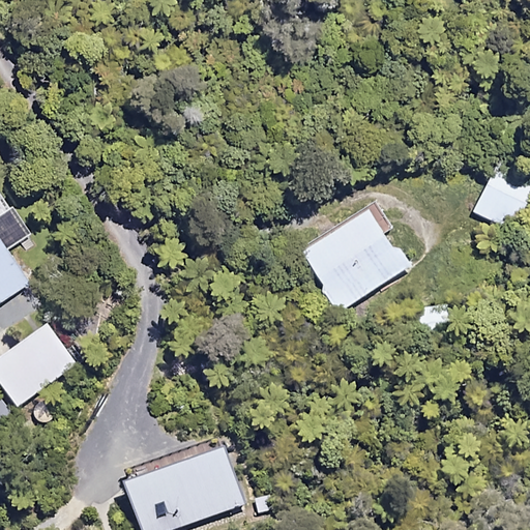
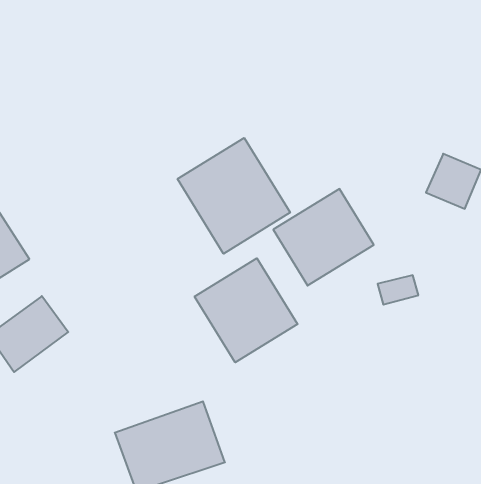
building: none -> [178,138,290,254]
building: none -> [195,258,298,362]

